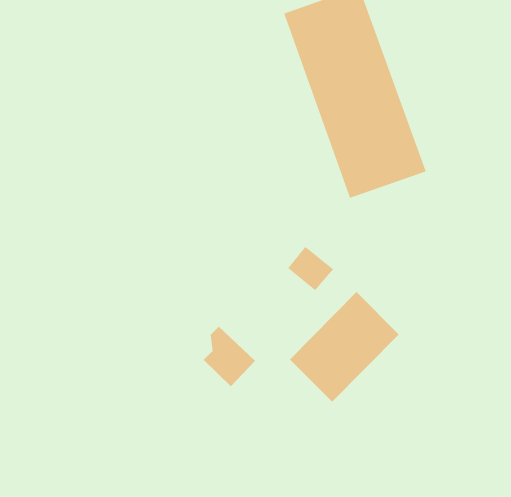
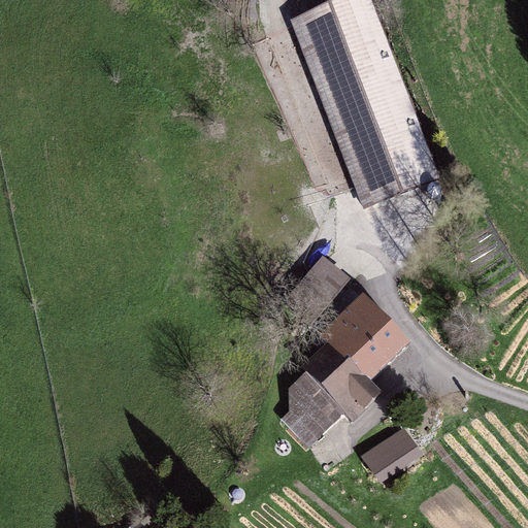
building: [203,326,256,387] -> [273,378,328,441]
building: none -> [356,432,416,485]

